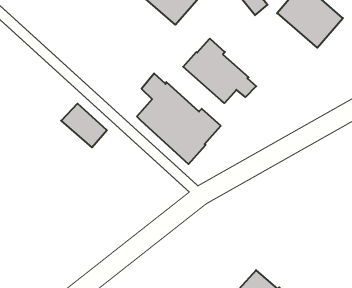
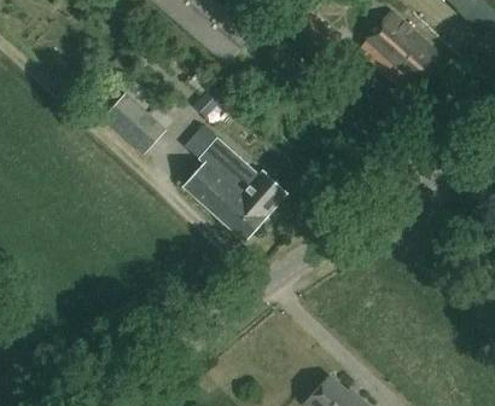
building: [183,39,256,103] -> none
building: [61,104,107,147] -> [116,95,174,151]

